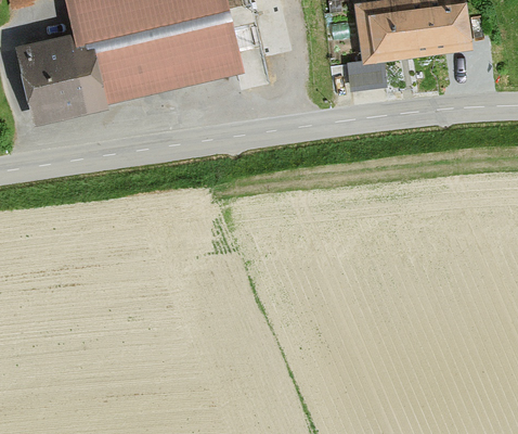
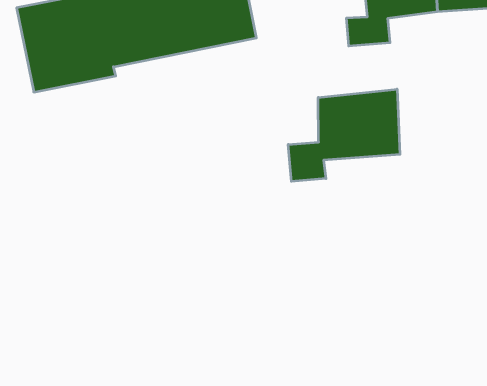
building: none -> [288,89,400,181]

